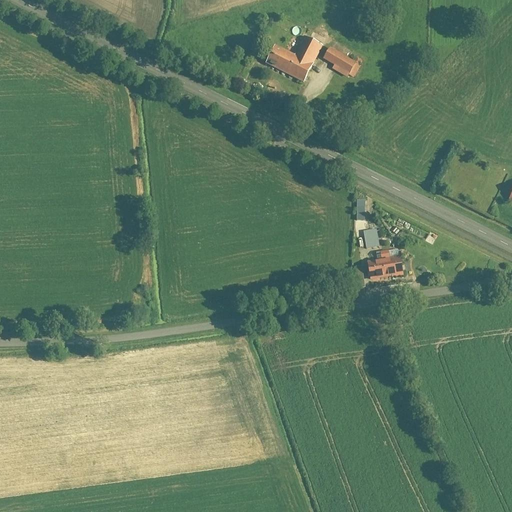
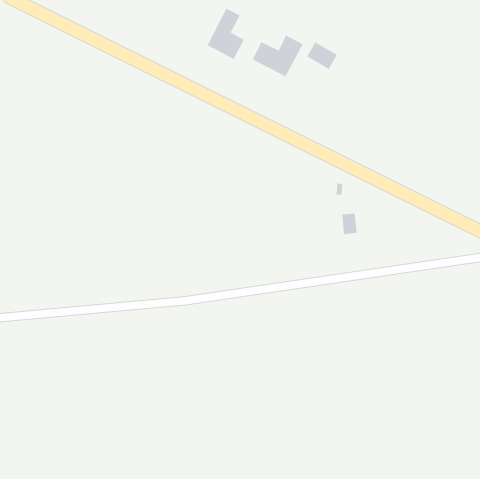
building: none -> [207,8,245,60]
building: [367,253,404,280] -> none

